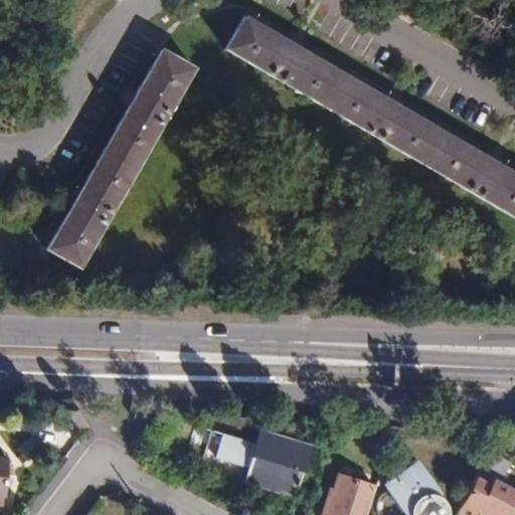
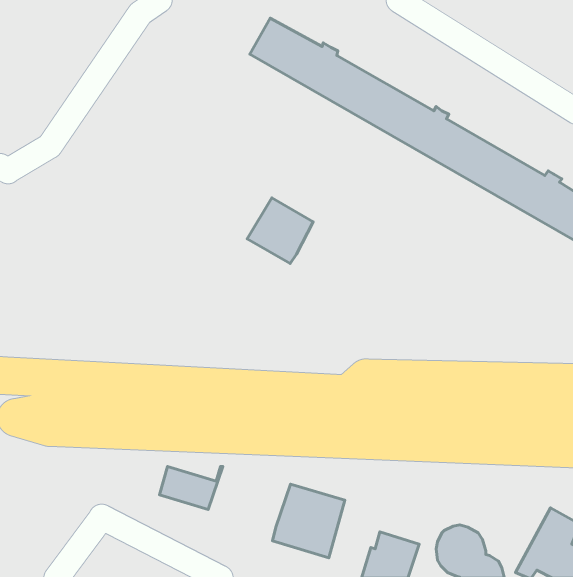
building: [47,50,196,270] -> none
building: none -> [247,198,313,264]
building: [206,432,263,470] -> [160,467,223,509]

